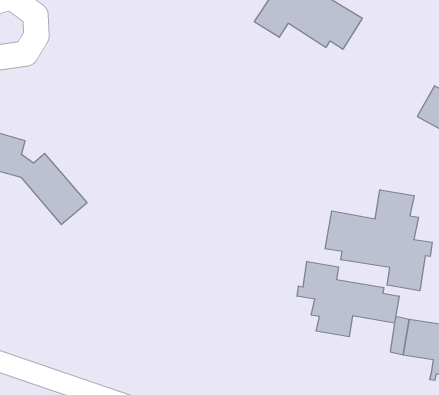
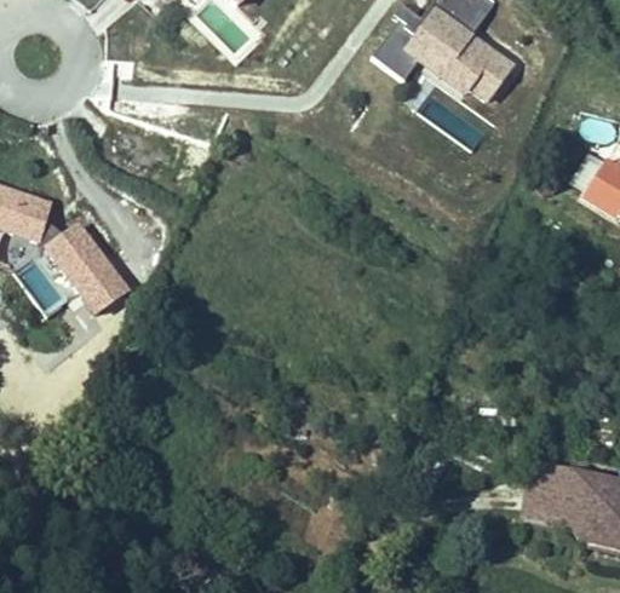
building: [325,190,432,291] -> none
building: [297,261,399,337] -> none

